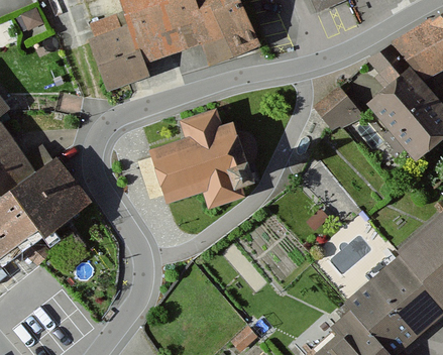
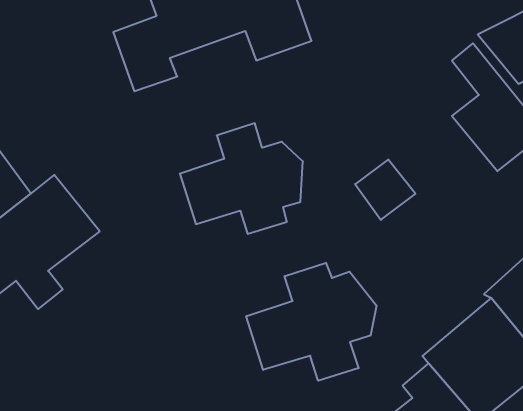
building: [312,81,361,130] -> [355,160,415,220]
building: none -> [246,263,376,381]

